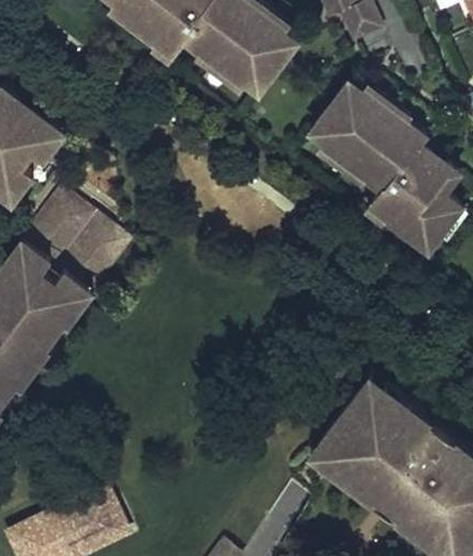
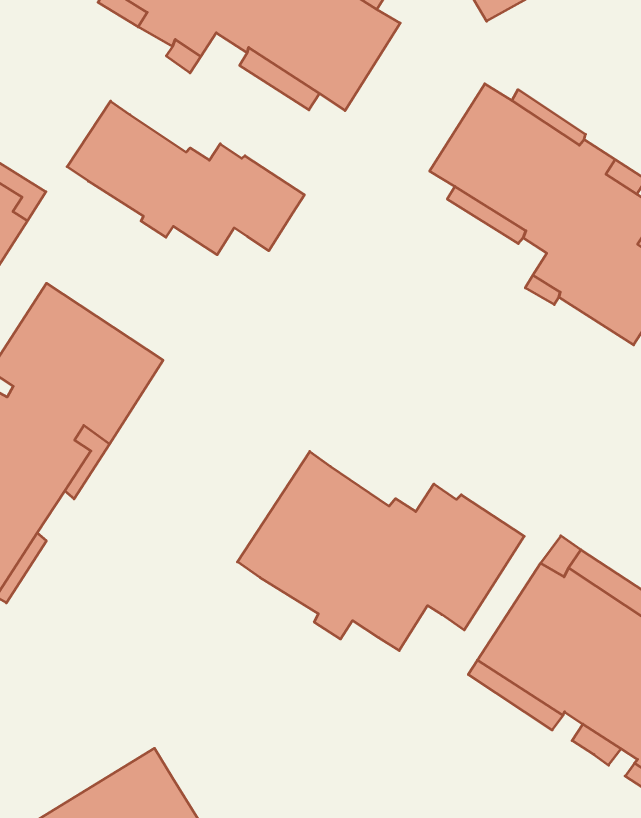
building: none -> [67,101,304,255]
building: none -> [237,451,524,651]

